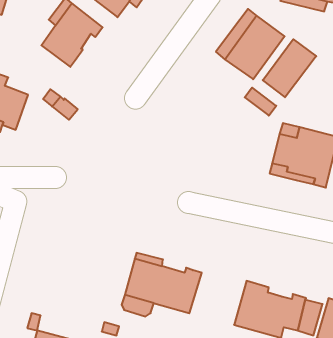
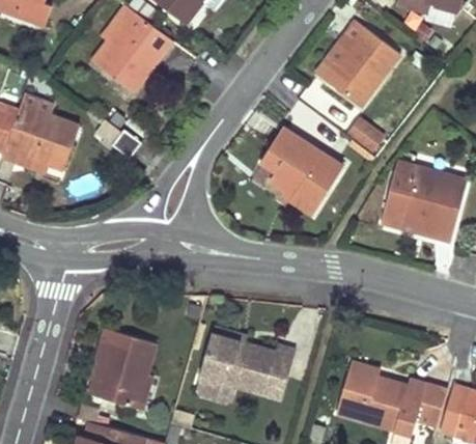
building: [263,39,316,97] -> none
building: none -> [260,131,342,216]
building: none -> [89,329,157,409]

